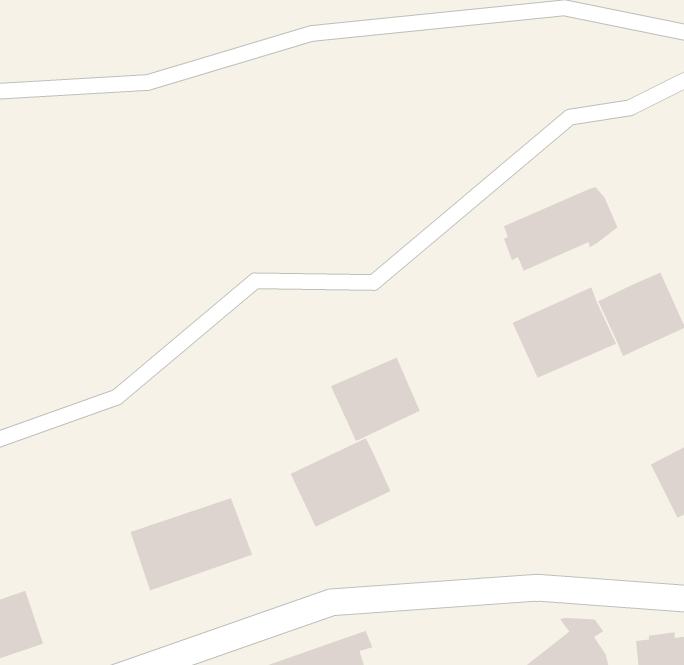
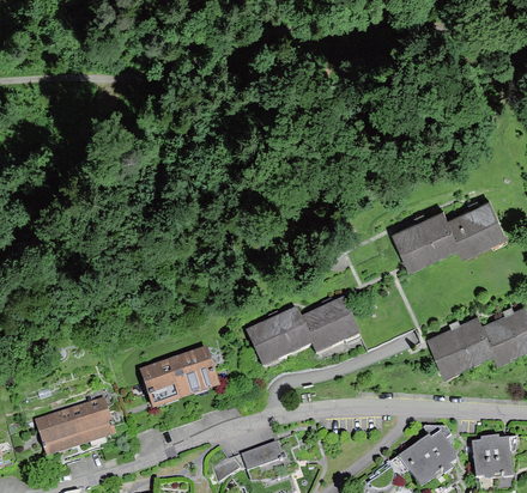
building: [503,186,619,272] -> none
building: [330,357,421,442] -> [299,297,359,353]
building: none -> [426,314,493,372]
building: none -> [71,396,116,443]

